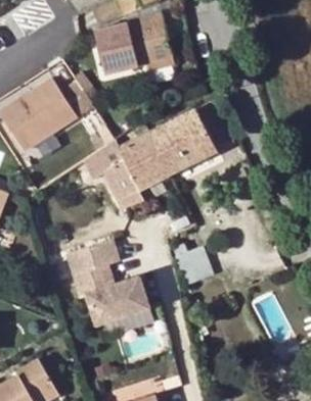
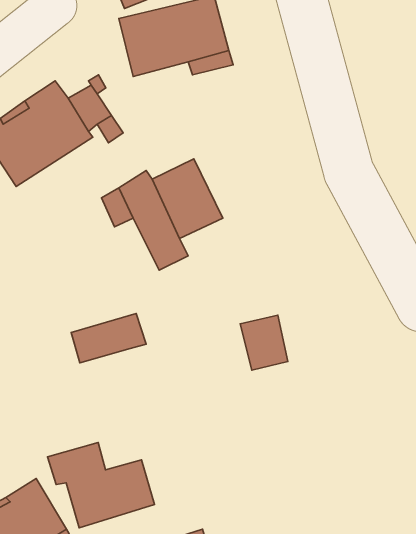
building: [148,102,234,173] -> none
building: [68,265,143,325] -> [47,442,155,528]

